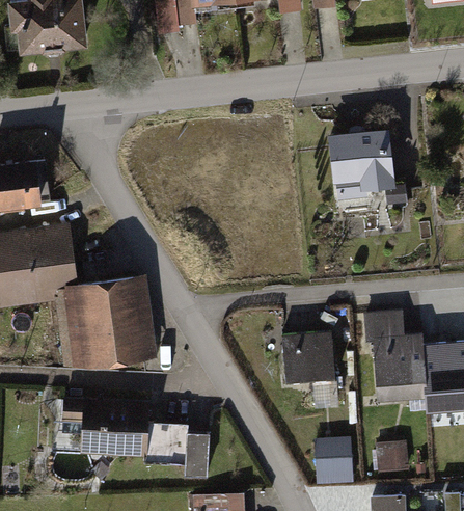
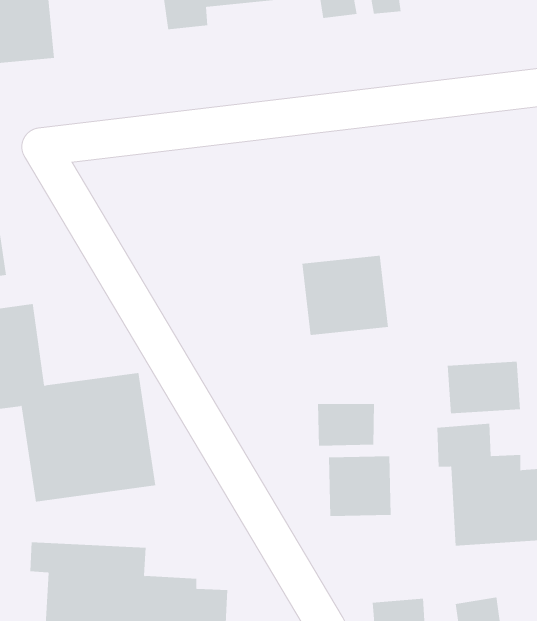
building: [334,129,399,188] -> [301,255,389,336]
building: none -> [447,361,520,414]
building: none -> [318,403,375,446]

